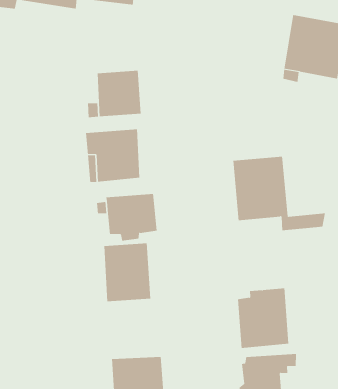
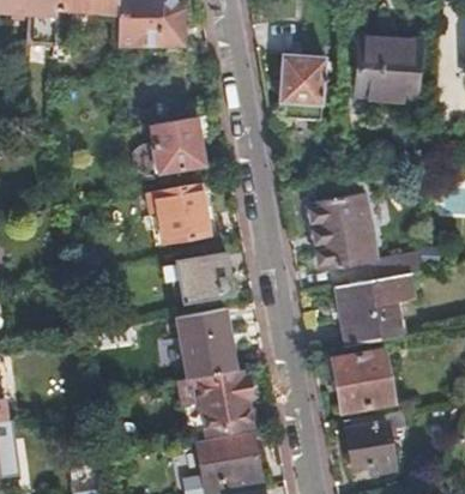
building: none -> [282,53,327,121]
building: none -> [348,270,412,344]
building: none -> [180,367,254,432]

